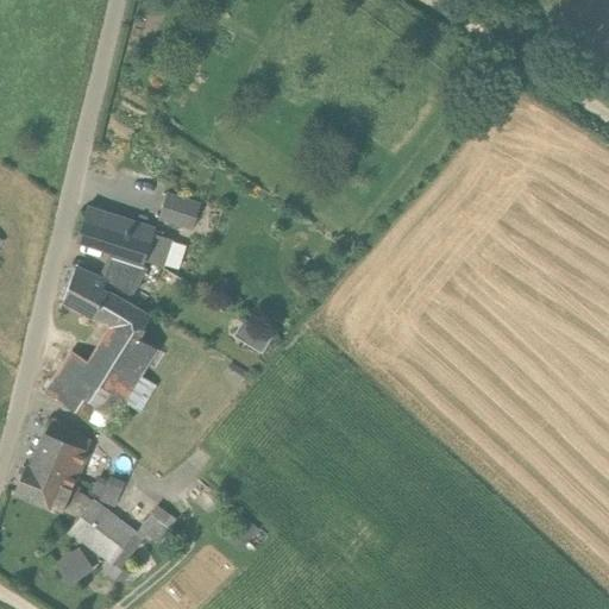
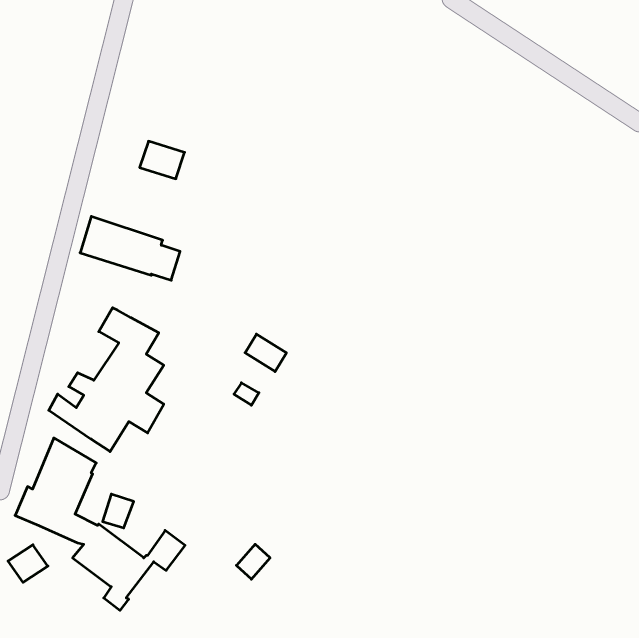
building: [158,193,201,228] -> [140,141,185,179]
building: [63,256,145,315] -> none
building: [55,548,93,584] -> [8,545,48,582]

